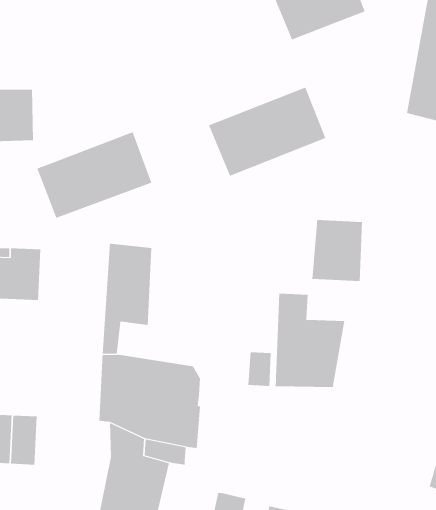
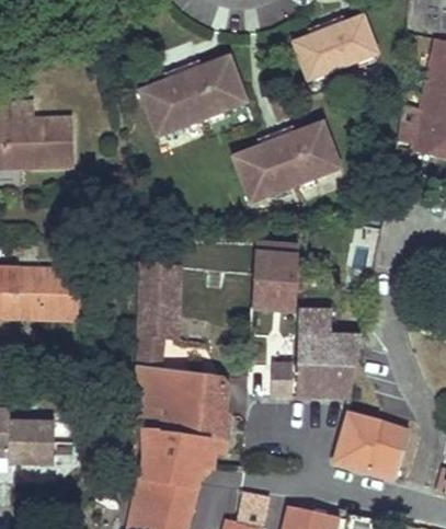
building: [37,131,152,219] -> [141,56,248,136]
building: [312,219,363,282] -> [250,254,297,311]
building: none -> [334,414,407,476]

